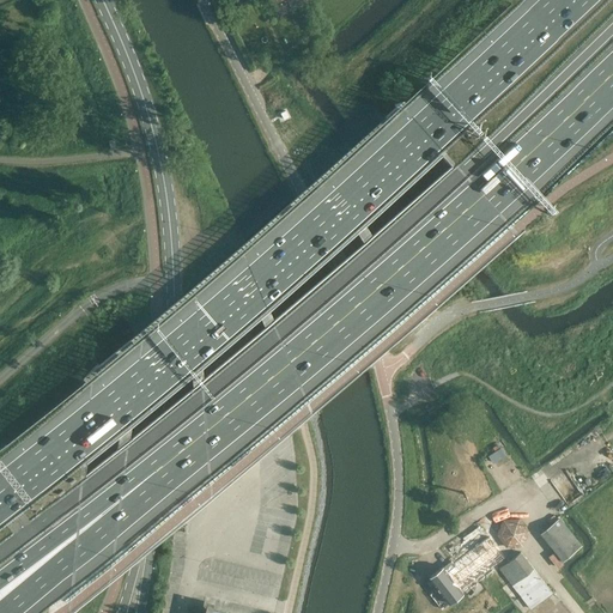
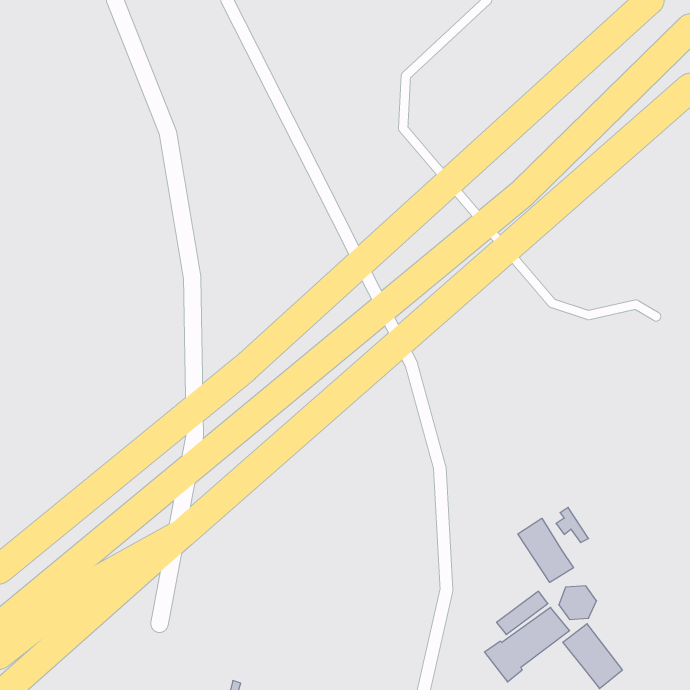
building: none -> [518,518,573,582]
building: [539,518,581,563] -> none

